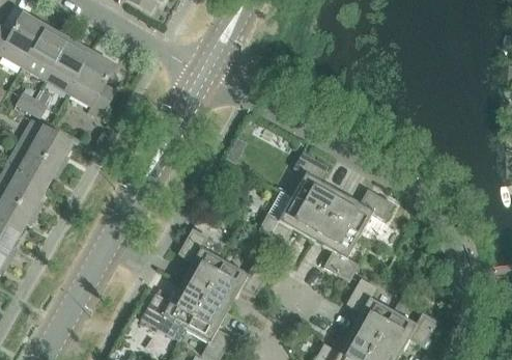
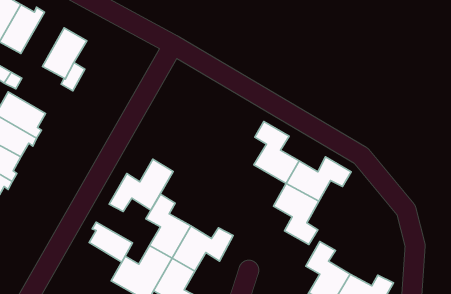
building: [46,35,91,92] -> none
building: none -> [109,159,173,212]
building: [258,196,325,243] -> none
building: none -> [89,222,132,262]

